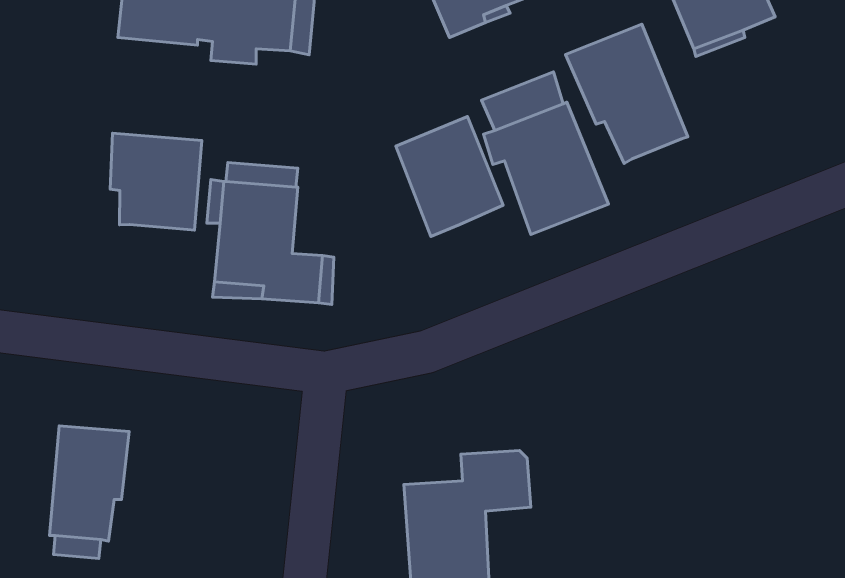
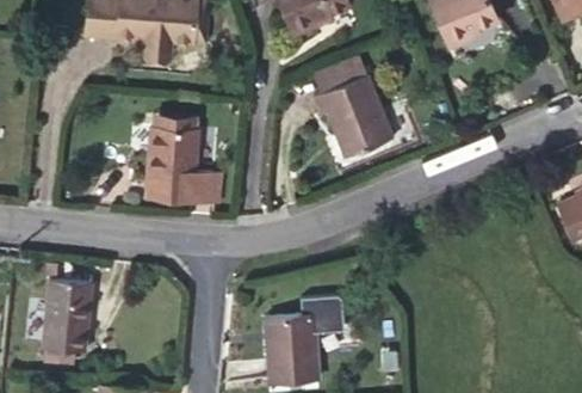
building: [566,24,688,164] -> none
building: [396,116,503,236] -> none
building: [110,133,202,230] -> none

